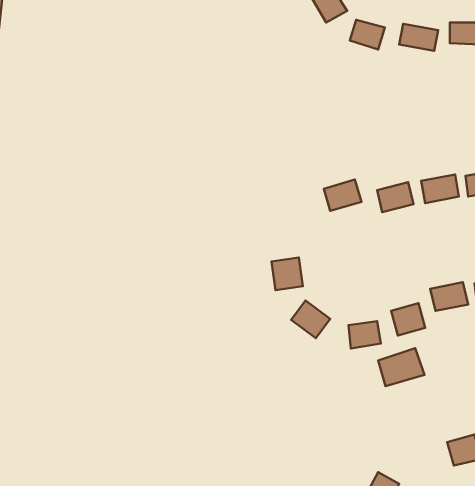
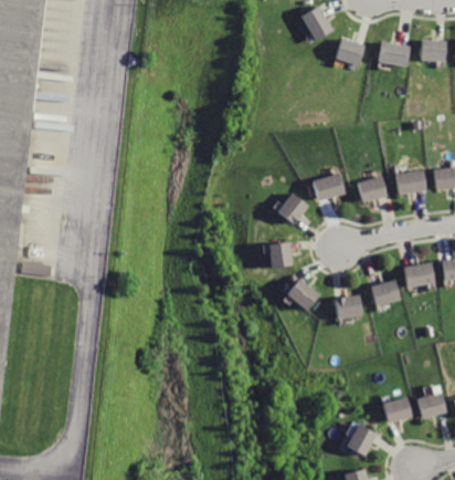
building: none -> [277,192,308,226]
building: [378,348,425,386] -> none
building: none -> [381,397,411,421]

